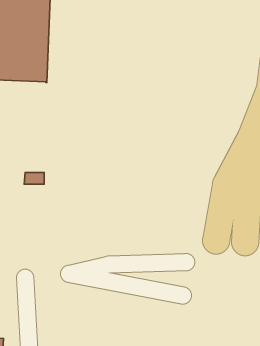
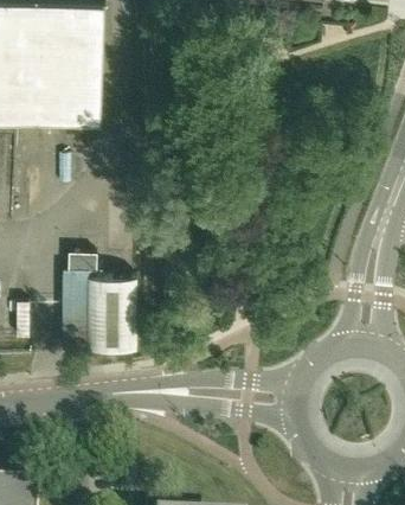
building: none -> [63,277,135,349]

